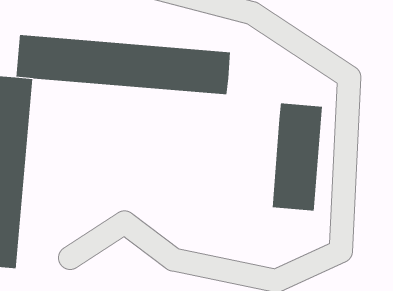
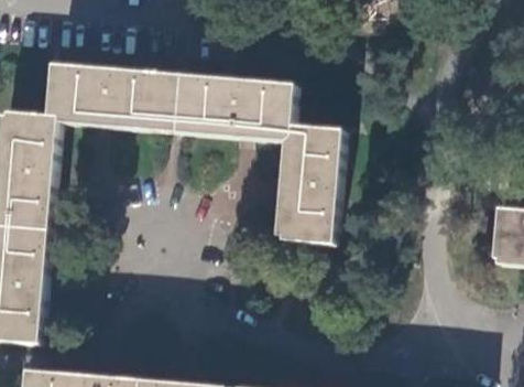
building: [272,103,323,211] -> [279,116,339,245]

